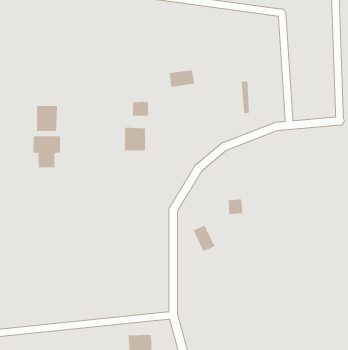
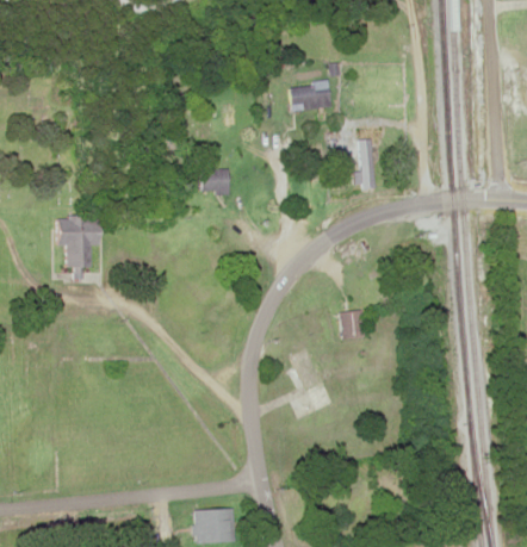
building: [169,69,195,87] -> [293,83,331,110]
building: [36,105,58,132] -> none
building: [124,127,146,151] -> none

